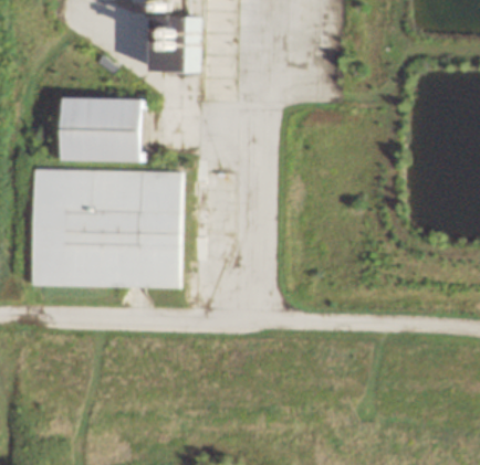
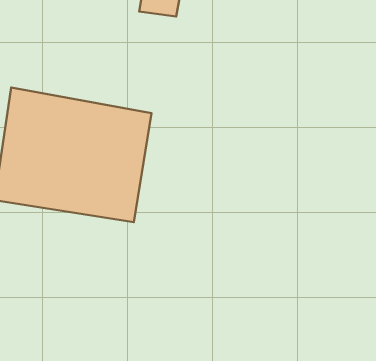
building: [64,99,148,163] -> none

